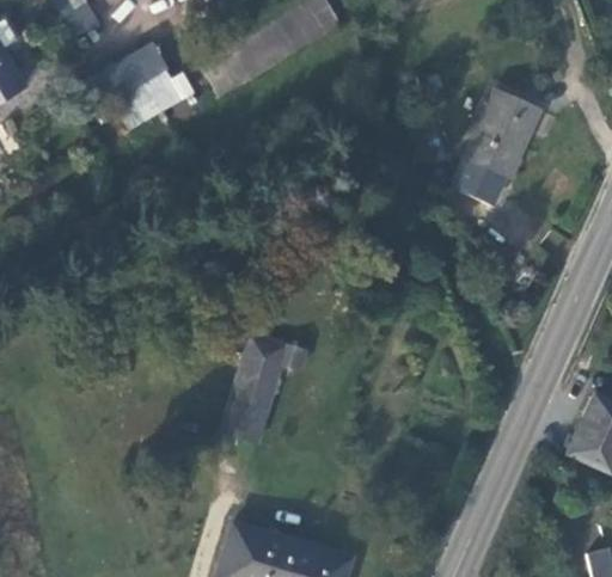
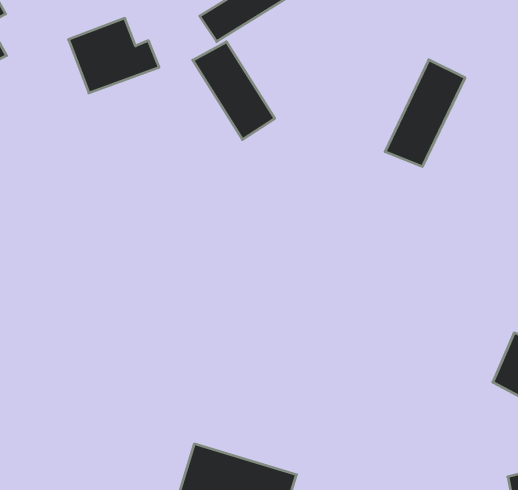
building: none -> [193,42,275,140]
building: [222,336,307,443] -> none

